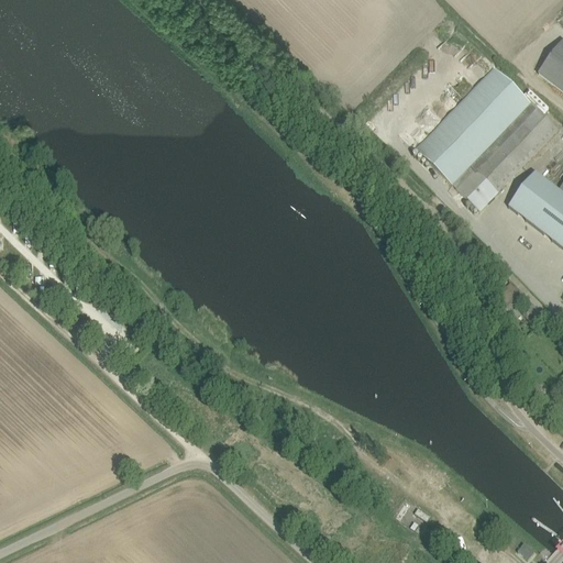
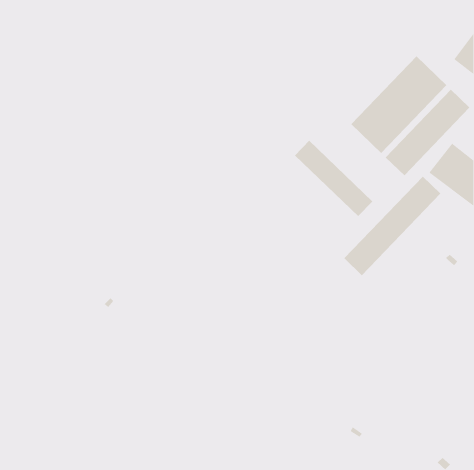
building: none -> [294,140,373,217]
building: none -> [343,176,441,276]

